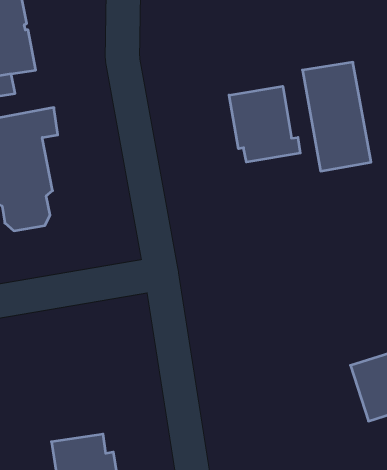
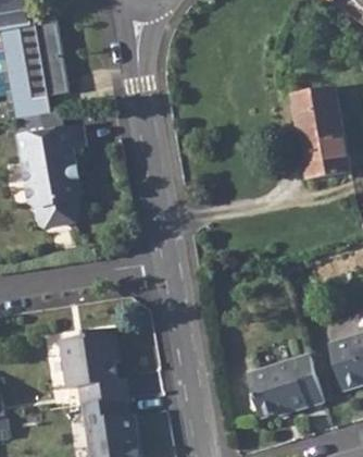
building: [229,86,300,162] -> none
building: none -> [57,329,125,406]
building: none -> [250,351,325,415]

